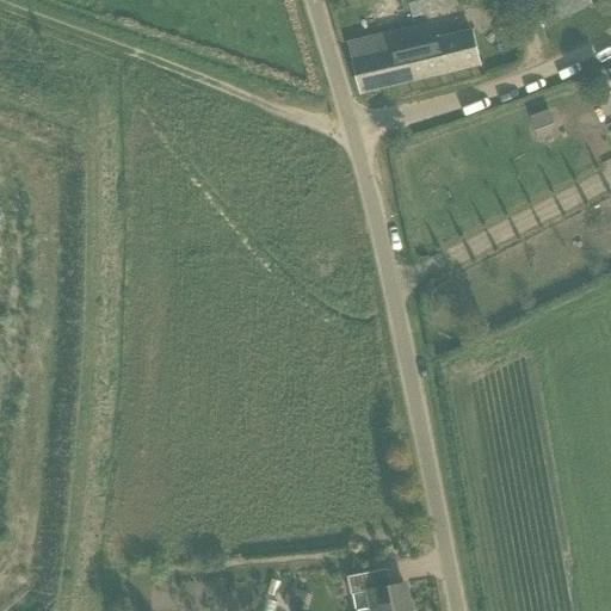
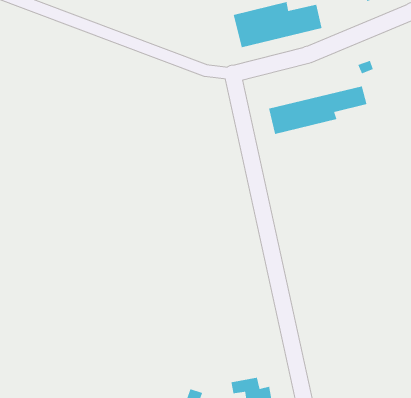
building: none -> [268,85,367,135]

